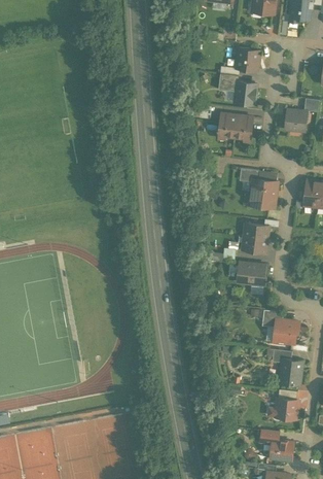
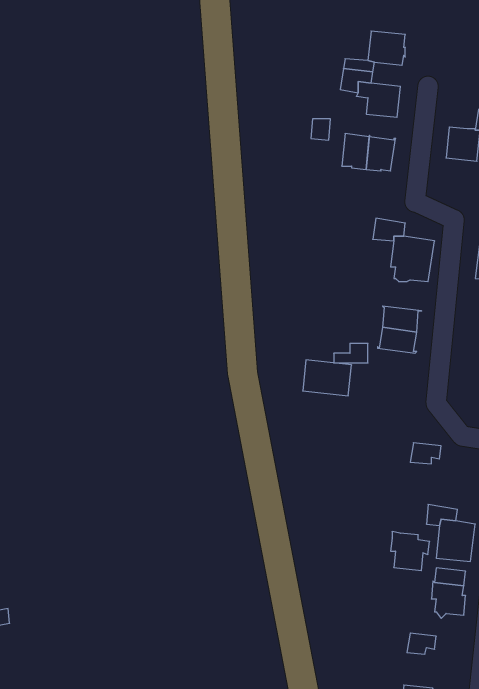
building: [237,263,267,285] -> [303,360,352,396]
building: [275,319,299,344] -> [391,532,430,571]
building: [271,440,293,460] -> none

